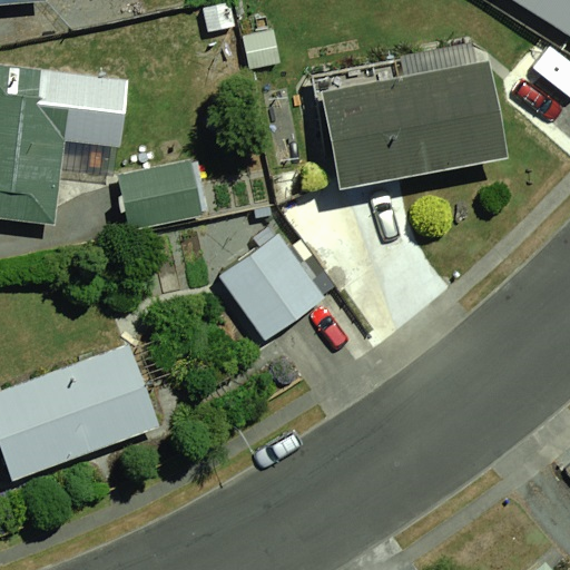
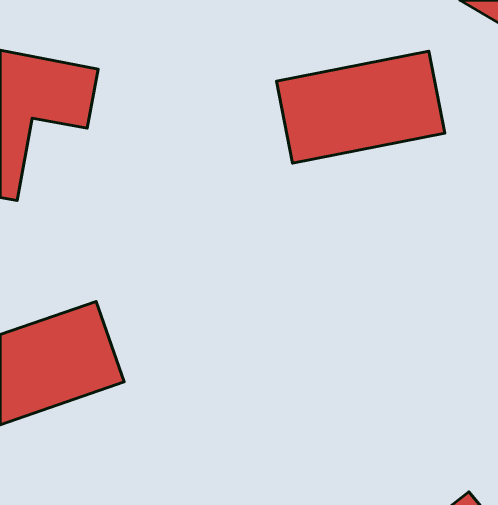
building: [92,158,195,237] -> none
building: [216,232,326,342] -> none

